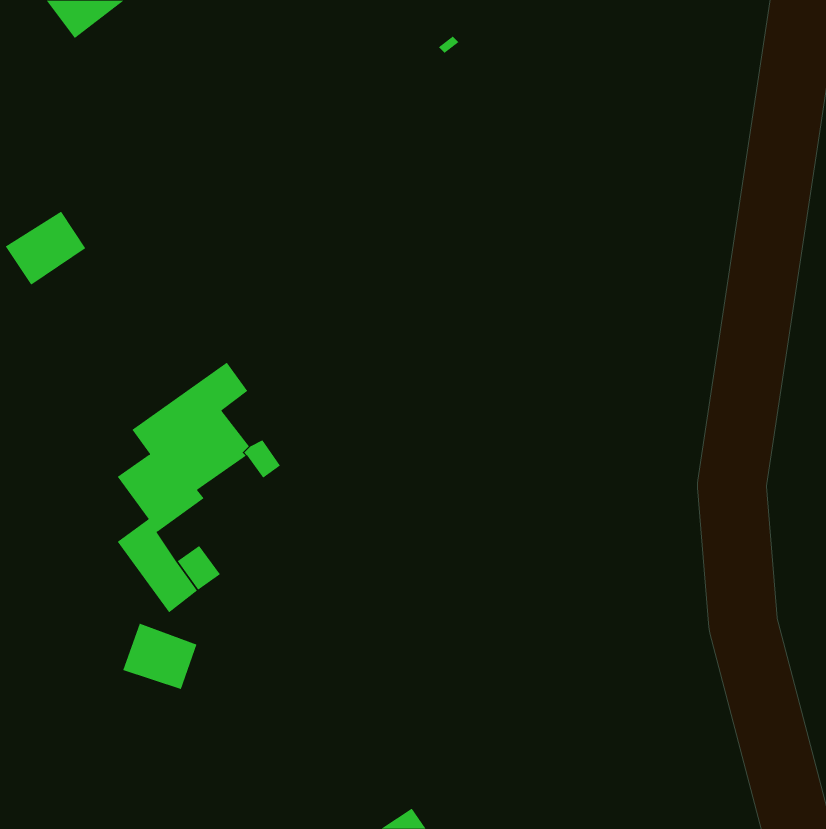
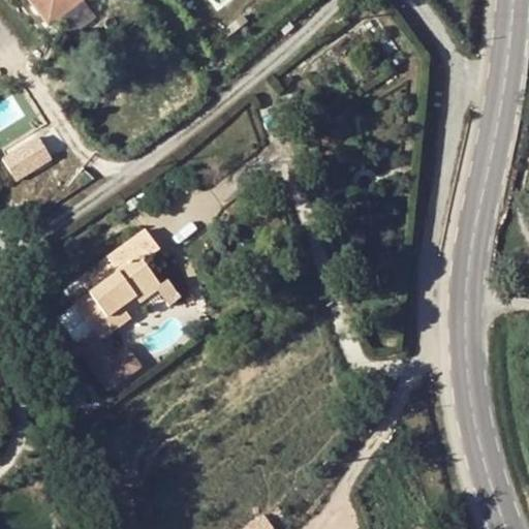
building: [122,623,197,690] -> none

